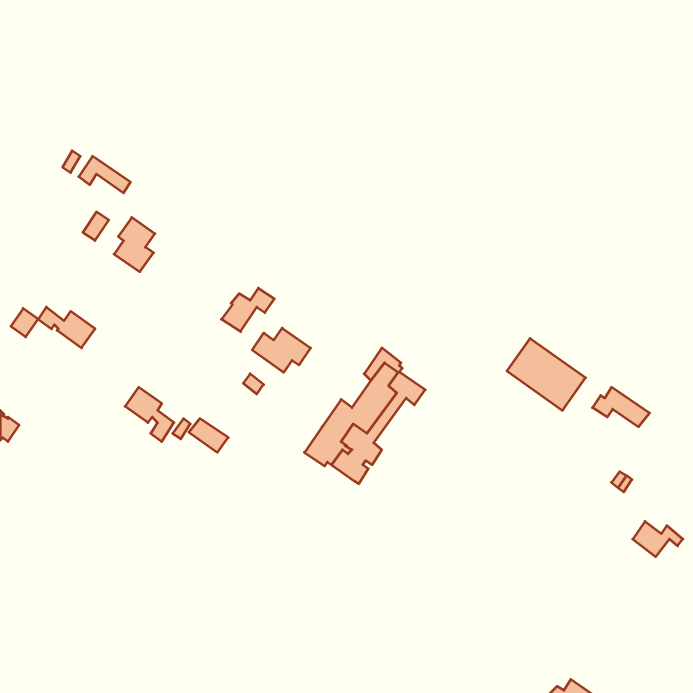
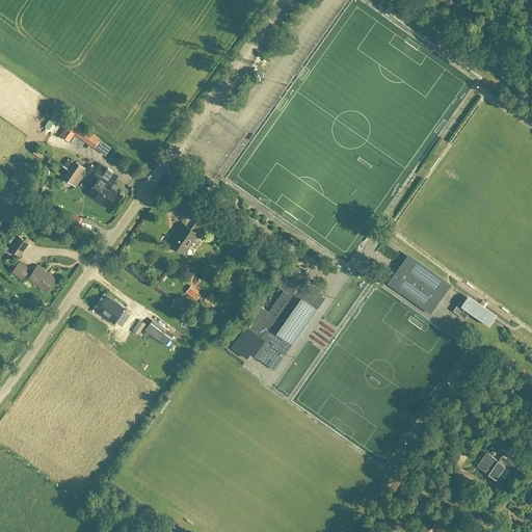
building: [38,307,95,348] -> [14,263,57,294]
building: [252,328,311,372] -> none
building: [633,521,683,557] -> [478,454,516,481]

